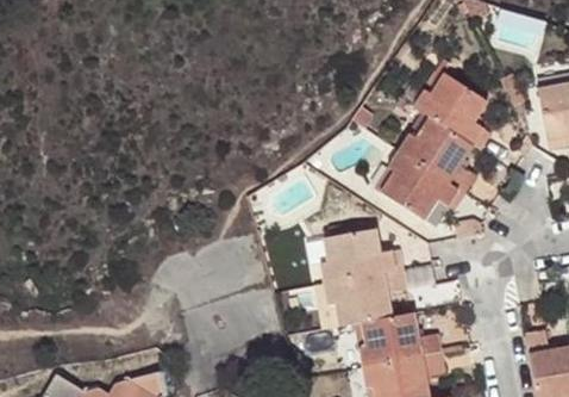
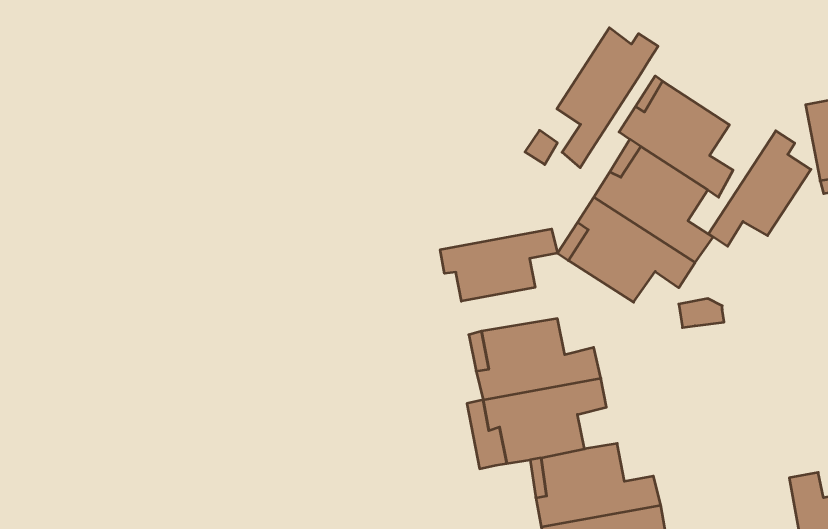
building: none -> [557,28,658,168]
building: none -> [709,131,811,246]
building: none -> [440,229,557,301]

